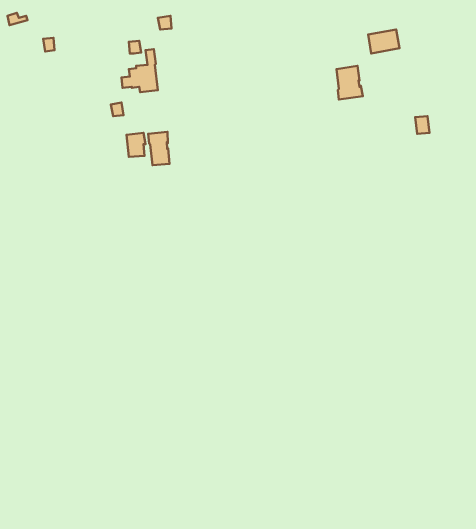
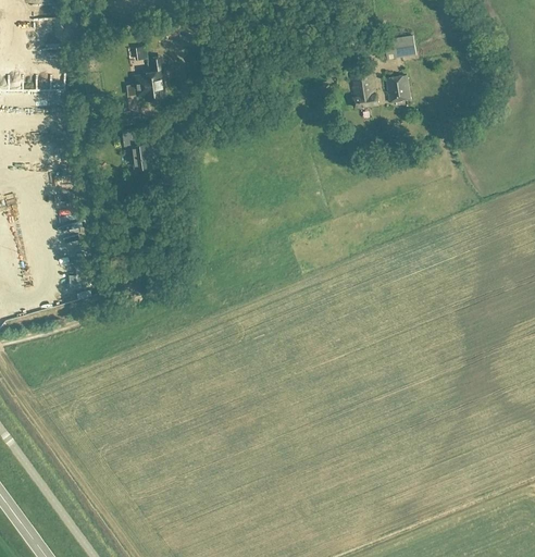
building: none -> [387,75,412,102]
building: [148,132,169,165] -> none

